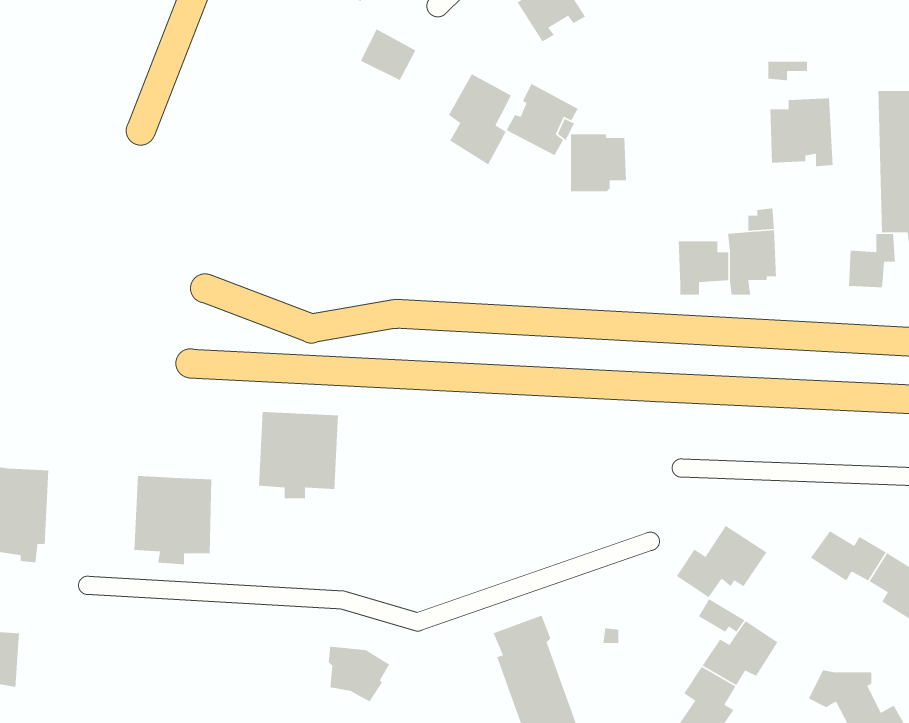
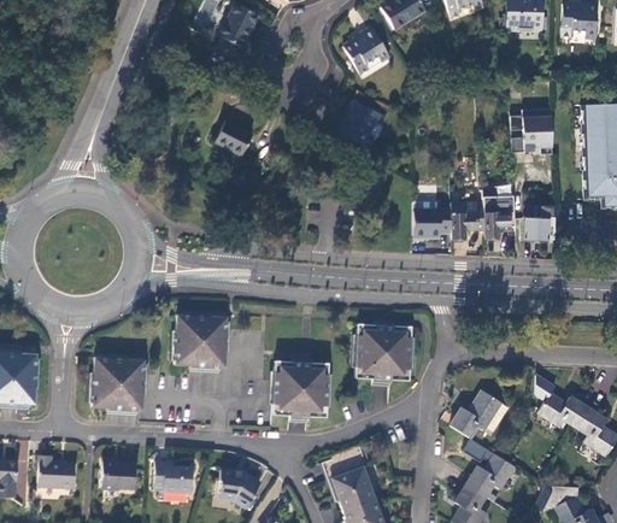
building: [360,28,417,81] -> [215,119,252,154]
building: [448,73,512,165] -> none
building: [570,133,627,192] -> [413,200,451,239]
building: [848,233,896,288] -> [523,205,554,241]
building: none -> [354,324,411,380]
building: none -> [272,362,328,417]
building: none -> [39,456,75,487]
building: none -> [154,460,193,493]
building: none -> [101,462,136,486]

